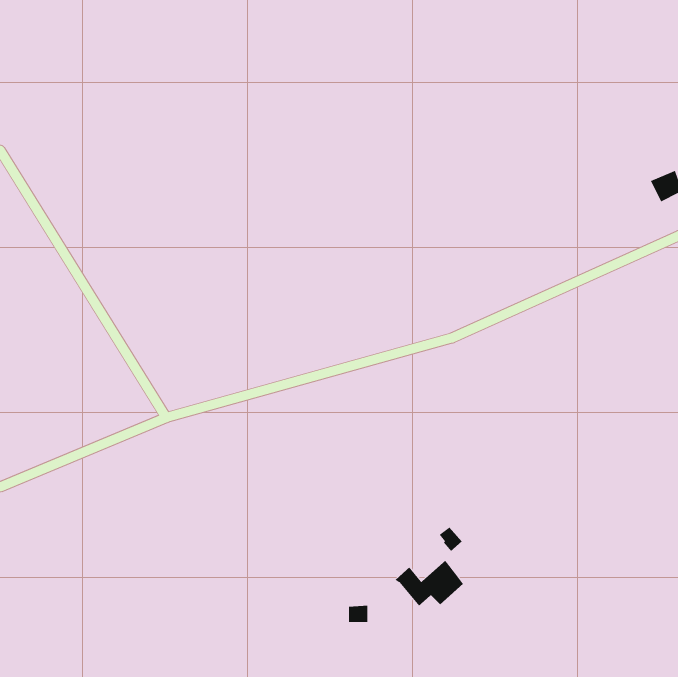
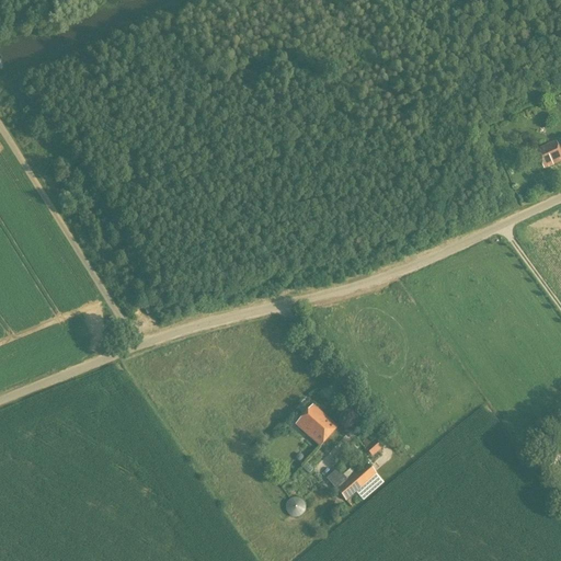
building: none -> [296,404,337,445]

